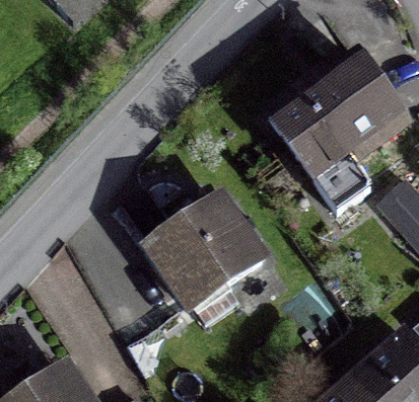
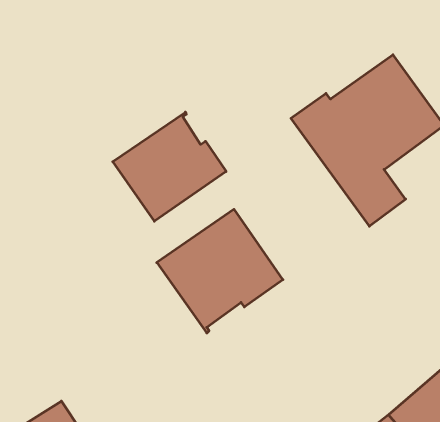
building: none -> [113,112,226,221]

